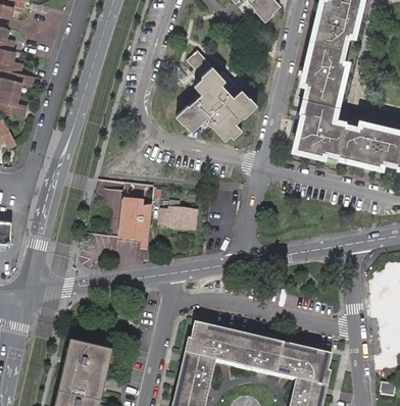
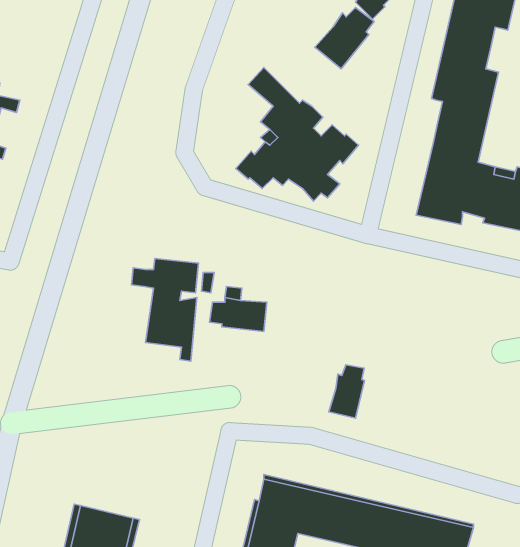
building: none -> [315,8,374,69]
building: none -> [329,365,364,418]

